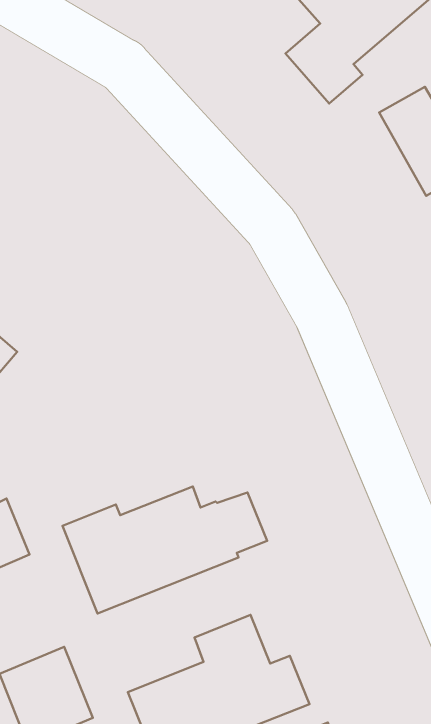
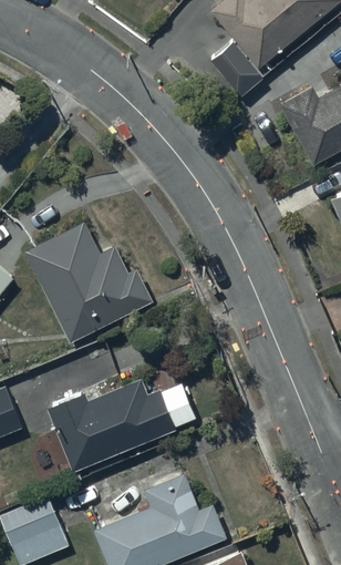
building: none -> [24,220,154,342]

